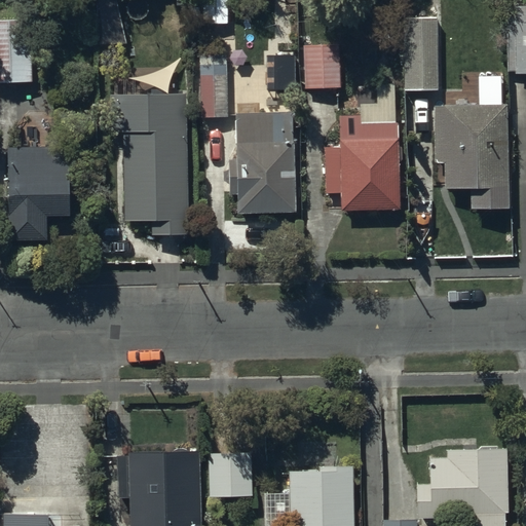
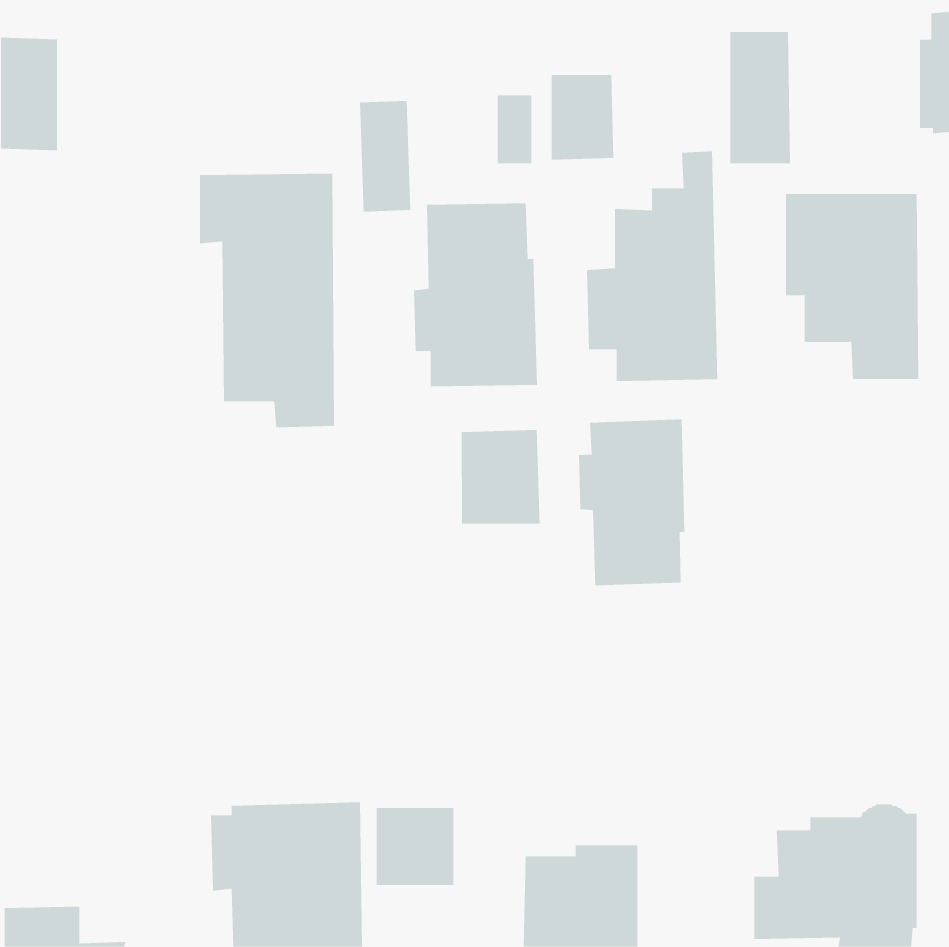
building: [8,148,69,241] -> none
building: none -> [578,419,685,586]
building: none -> [461,429,540,525]

